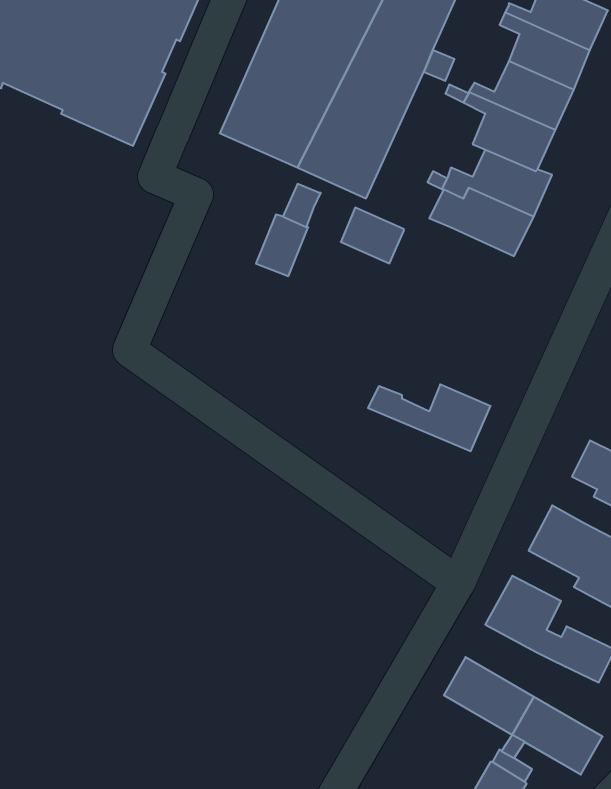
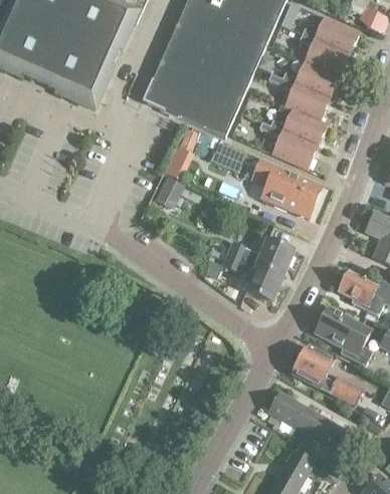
building: none -> [250,161,322,218]
building: none -> [151,175,181,212]
building: none -> [220,253,282,302]

